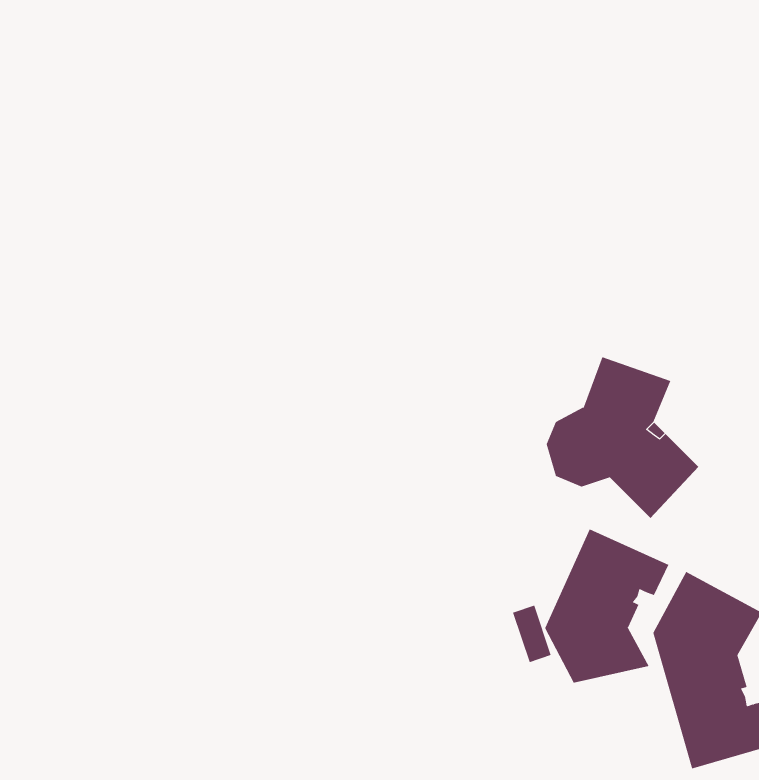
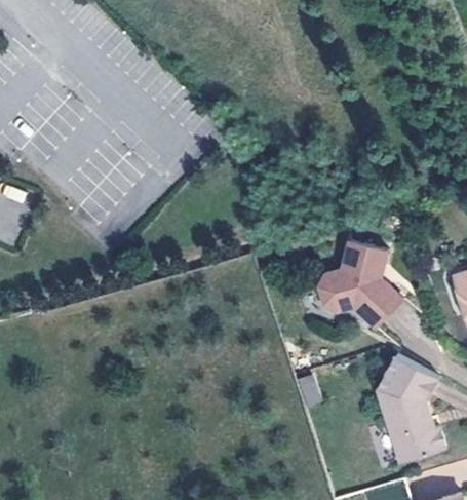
building: [545,529,669,684] -> none

